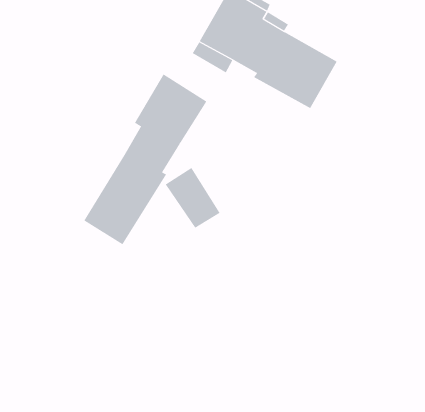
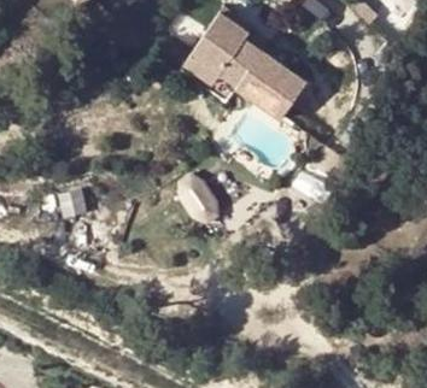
building: [83,74,207,245] -> none

